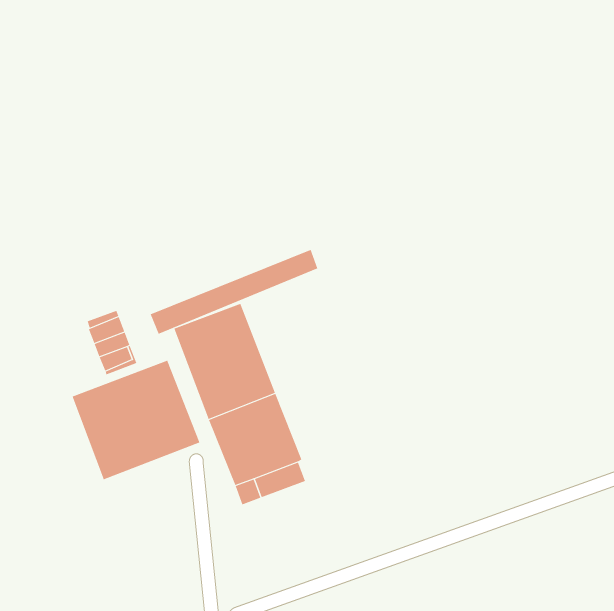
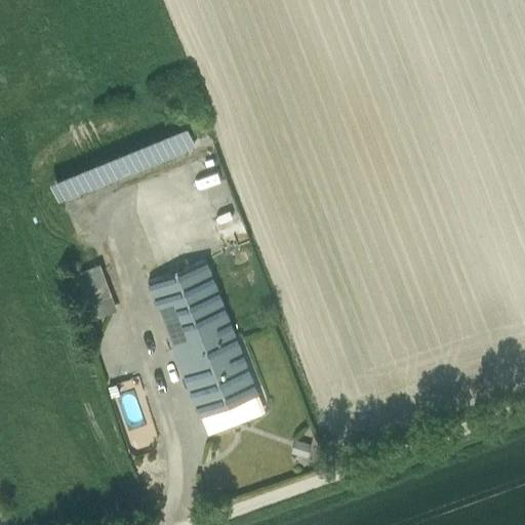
building: [150,249,318,335] -> [51,130,195,203]
building: [72,360,200,480] -> none

